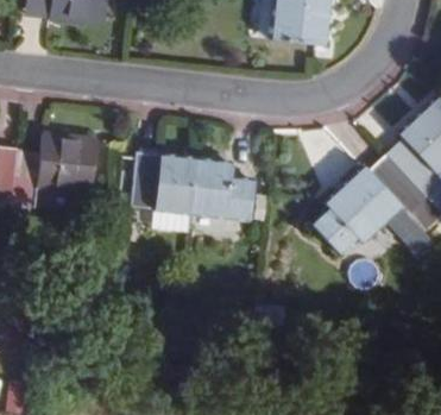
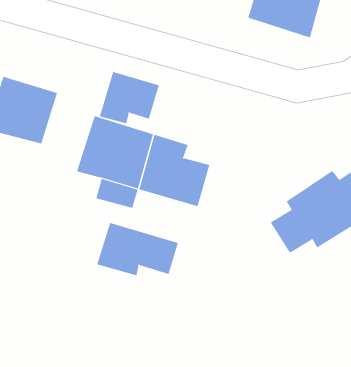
building: none -> [99,71,160,124]
building: none -> [97,222,179,276]

